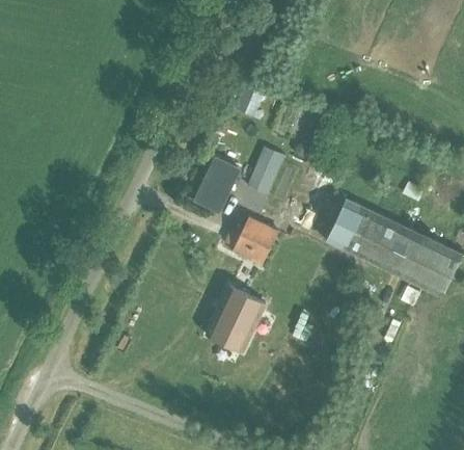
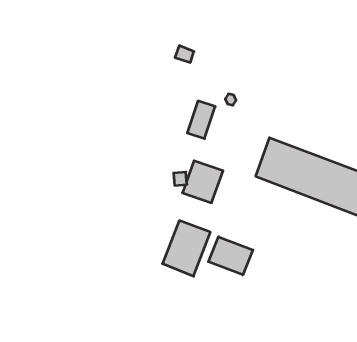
building: [197,156,243,209] -> none
building: none -> [208,237,253,275]

